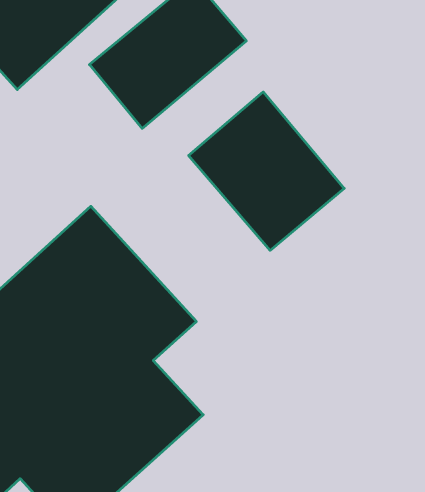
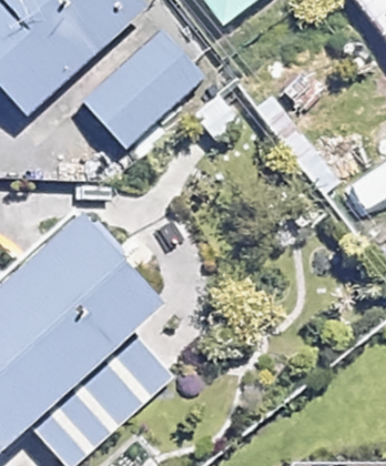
building: [189,92,344,250] -> none

